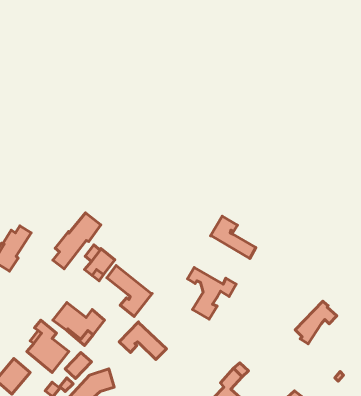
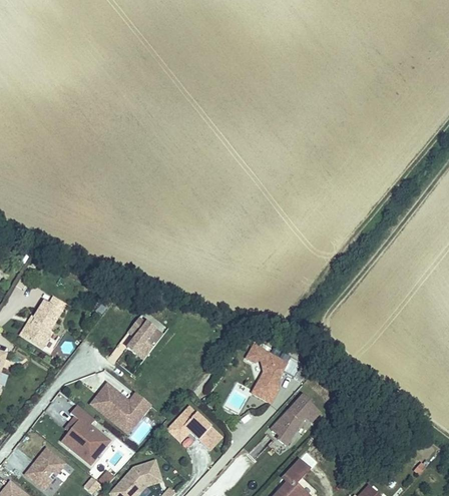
building: [53,213,101,269] -> none
building: [211,216,256,258] -> none
building: [107,265,152,317] -> none
building: [295,301,337,344] -> [271,395,319,444]

